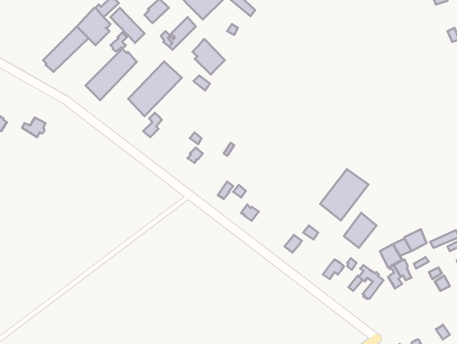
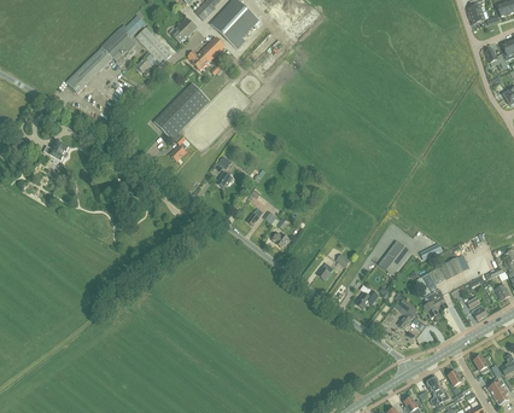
building: [193,39,225,74] -> none
building: [85,49,137,100] -> none
building: [320,169,369,220] -> none

